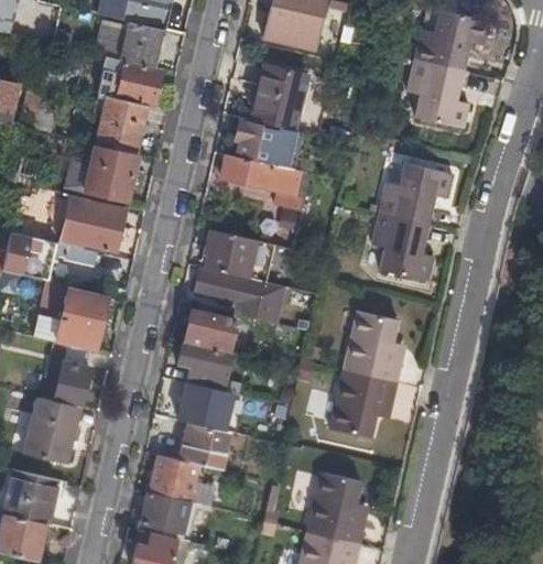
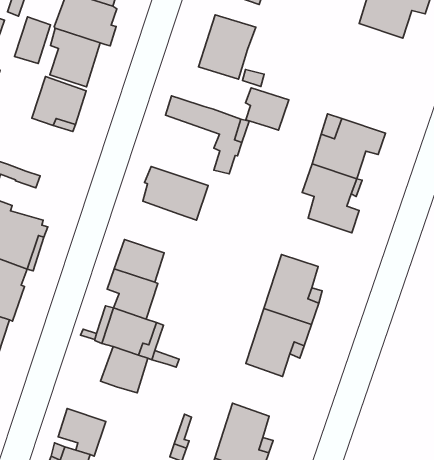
building: [408,59,468,127] -> none
building: none -> [15,17,50,63]
building: [234,122,279,164] -> [245,88,289,130]
building: [61,198,124,250] -> none
building: [195,271,283,319] -> none
building: [148,455,213,507] -> none

